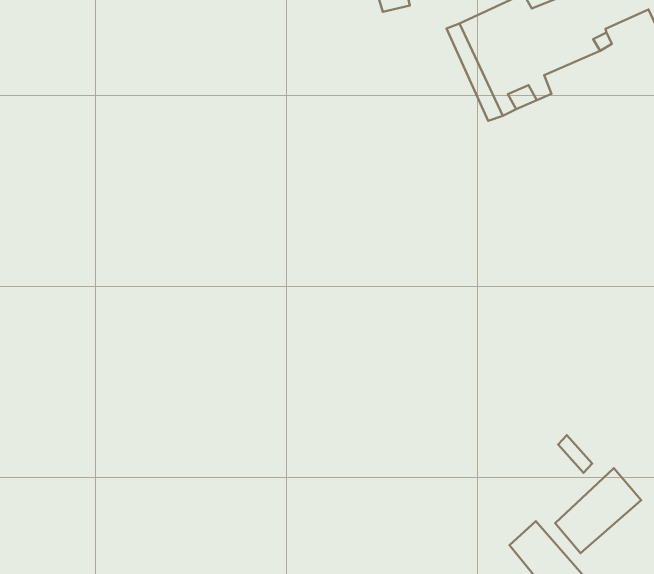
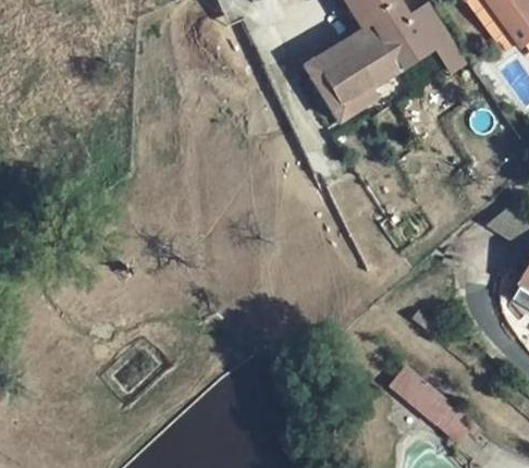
building: [555,468,641,553] -> none

